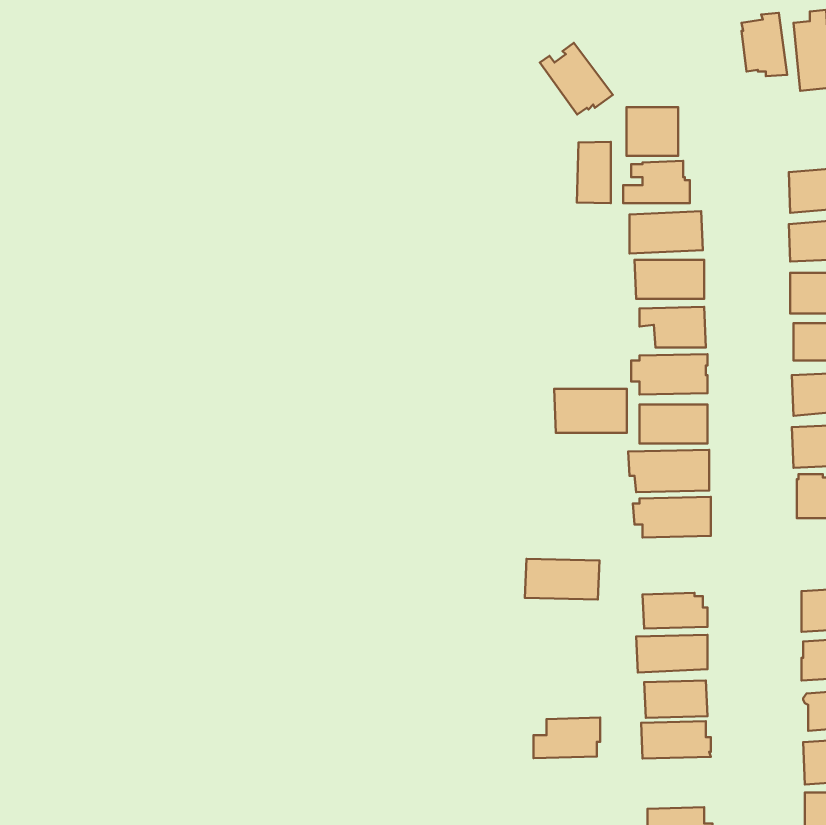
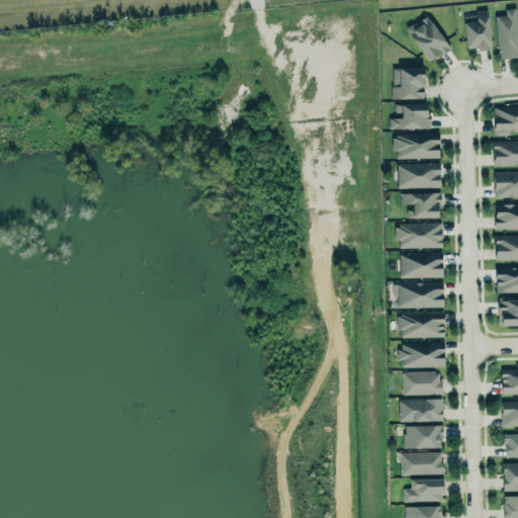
building: [540,43,613,114] -> [407,17,452,62]
building: [577,142,611,203] -> none
building: [554,389,627,433] -> none
building: [525,559,600,599] -> [400,344,446,369]
building: [534,717,600,758] -> [404,478,445,503]

